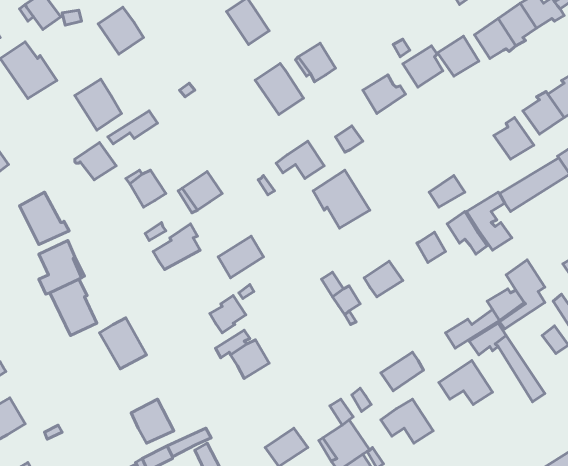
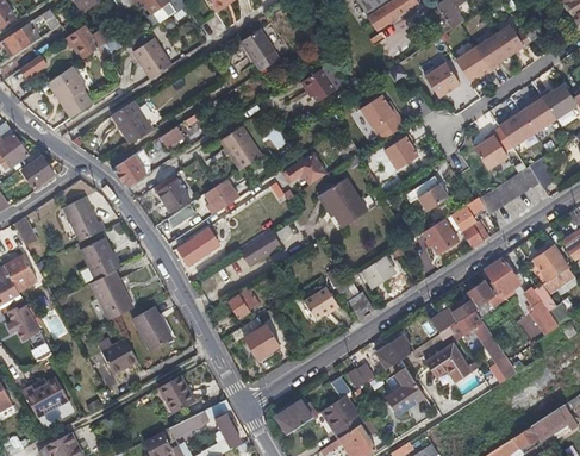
building: [403,46,443,87] -> [382,135,417,170]
building: [255,64,304,115] -> [220,126,262,170]
building: none -> [303,288,337,320]
building: none -> [102,338,138,375]

